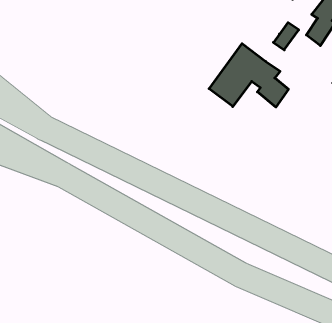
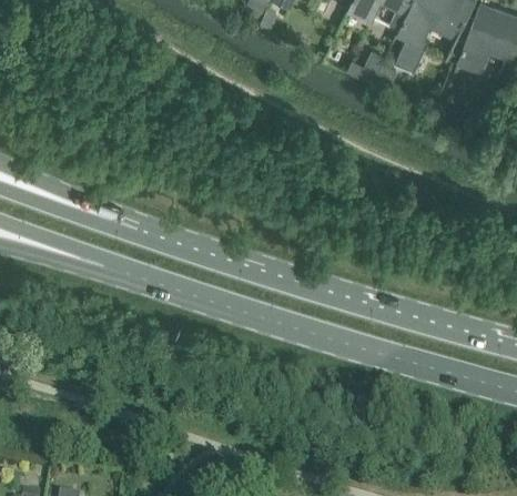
building: [209,44,288,107] -> none

